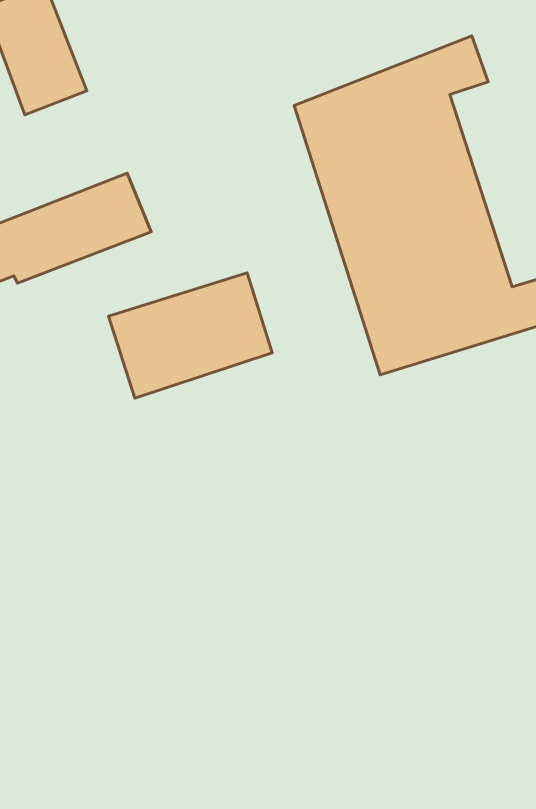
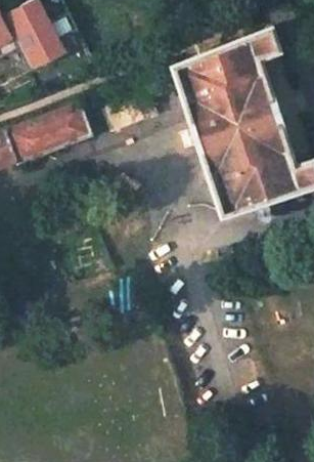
building: [109,273,272,398] -> none

